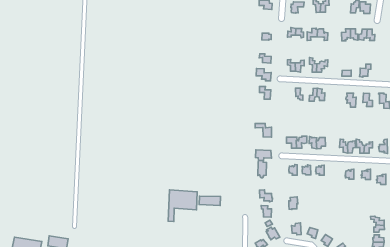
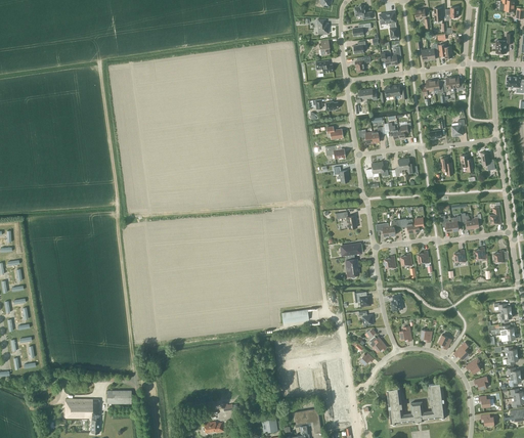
building: [168,190,197,222] -> none

